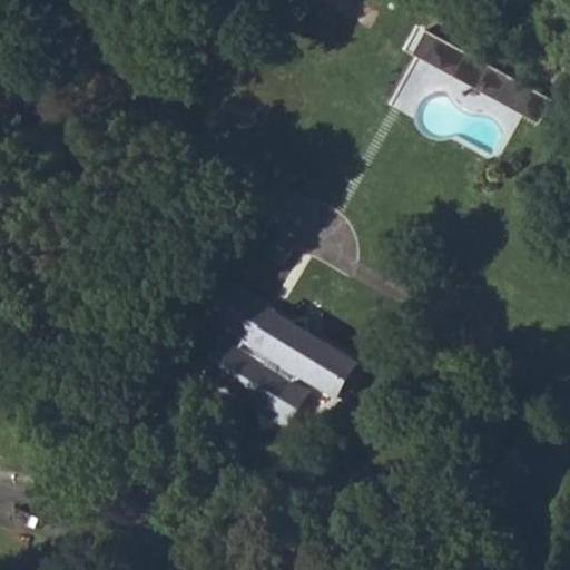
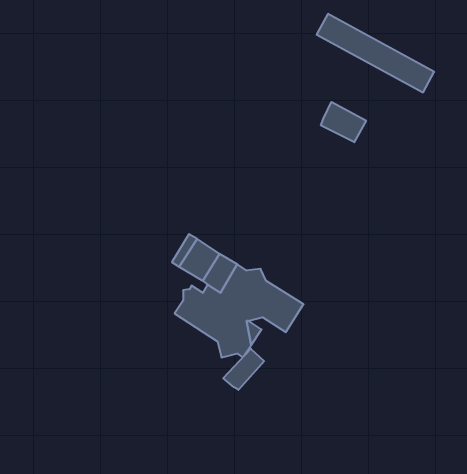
building: none -> [321,102,366,142]
building: none -> [223,349,264,390]

